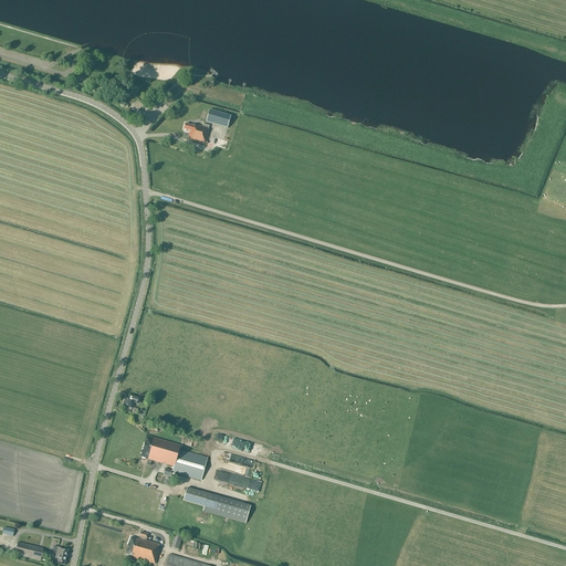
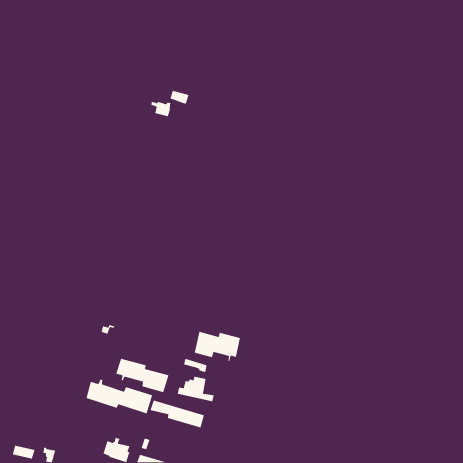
building: none -> [194,331,241,362]
building: none -> [85,378,153,414]

